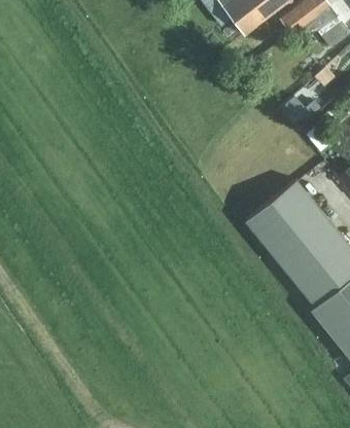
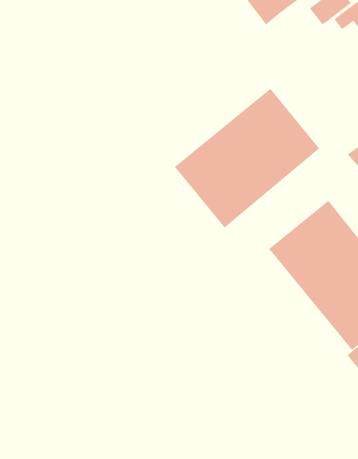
building: none -> [174,88,320,229]

